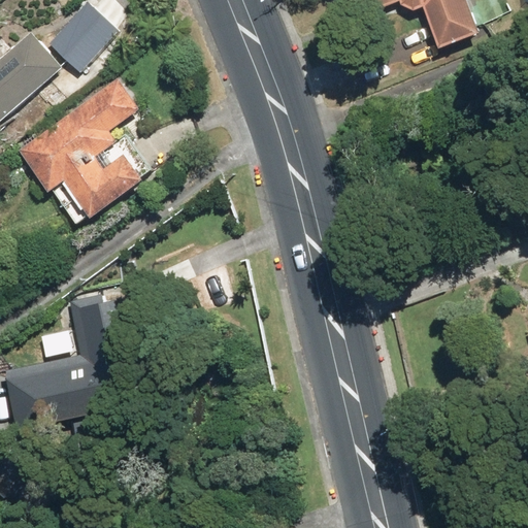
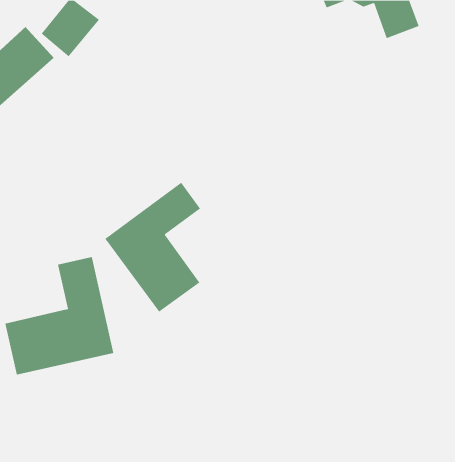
building: [16,78,146,226] -> none
building: none -> [104,182,201,313]

